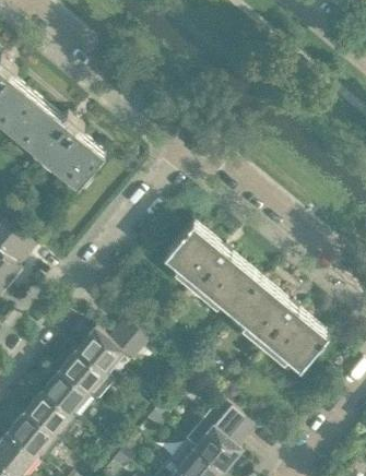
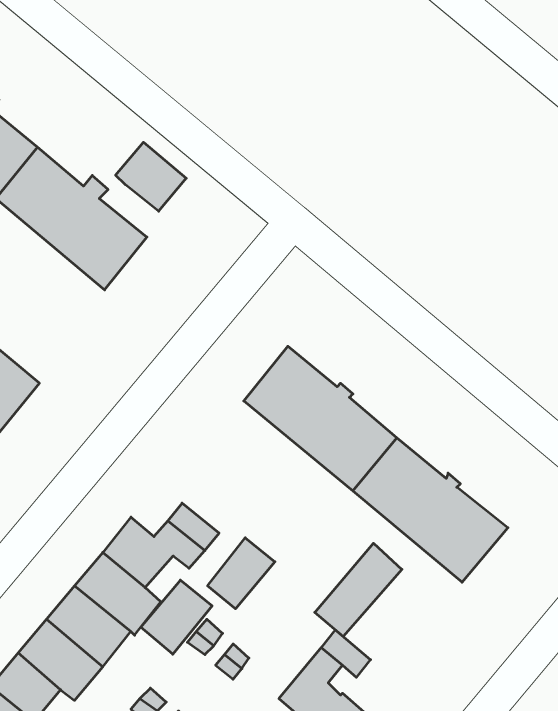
building: none -> [116,142,186,211]
building: none -> [208,538,275,609]
building: none -> [315,543,402,637]
building: none -> [141,580,212,654]

